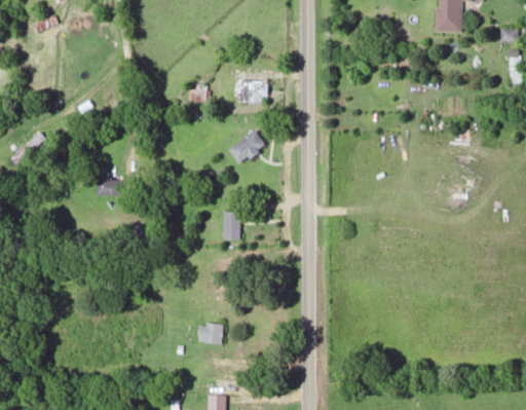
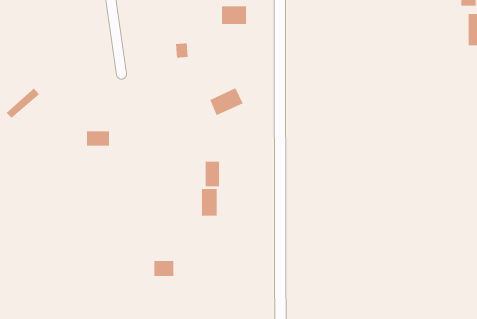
building: [236,80,264,101] -> [221,6,247,25]
building: none -> [201,188,217,217]
building: [200,324,223,341] -> [153,260,174,276]

